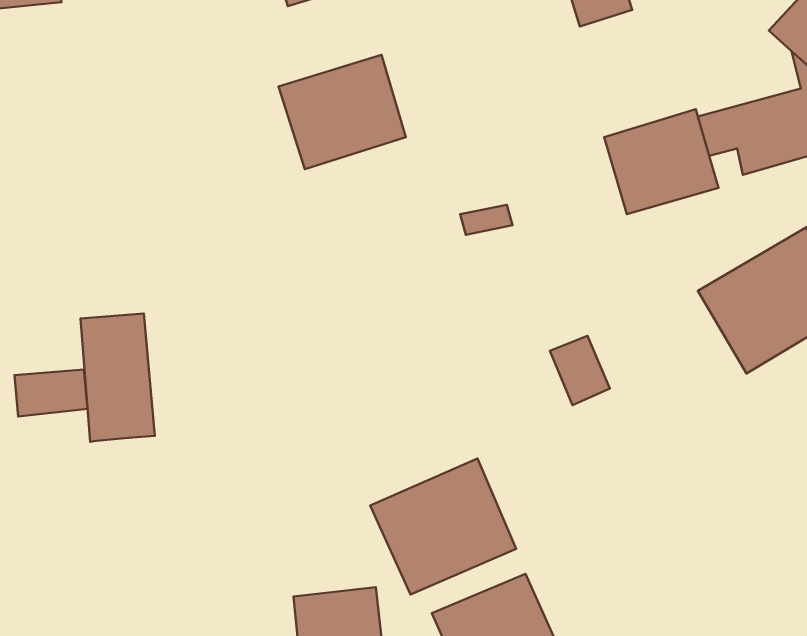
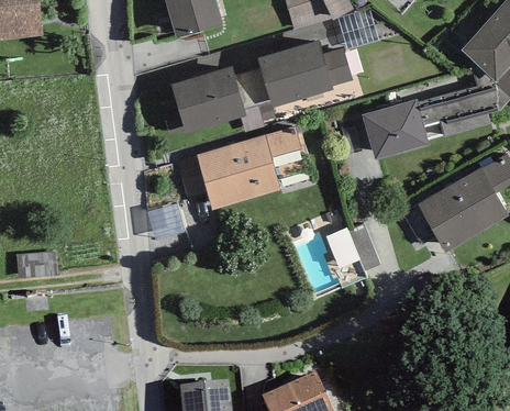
building: none -> [256,40,351,108]
building: none -> [196,125,301,209]
building: [80,314,155,442] -> none
building: [370,458,516,595] -> none

